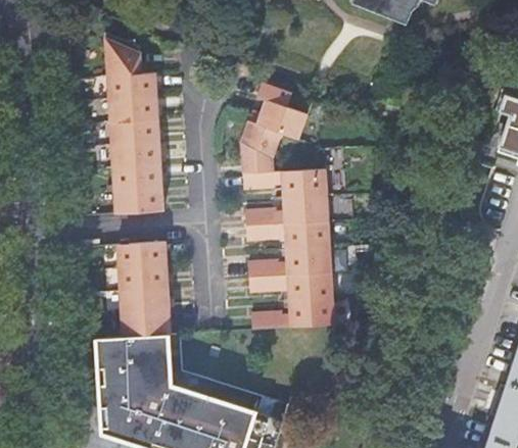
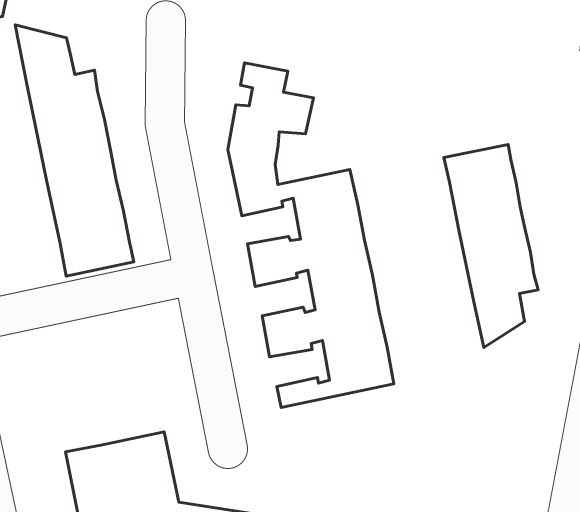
building: none -> [444,145,538,348]
building: [116,242,168,337] -> none

